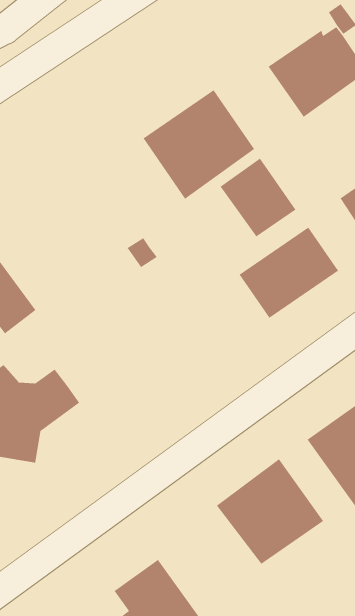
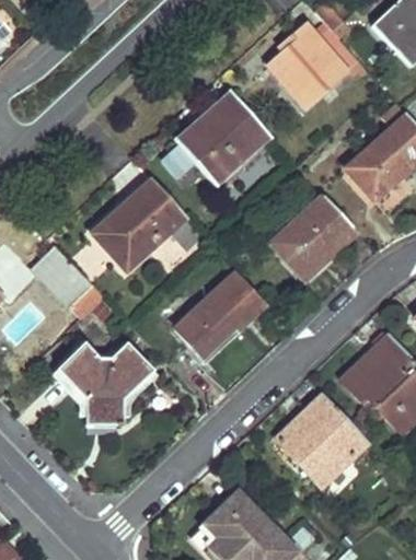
building: [220,157,296,237] -> none
building: none -> [93,178,187,271]
building: none -> [174,270,266,357]

